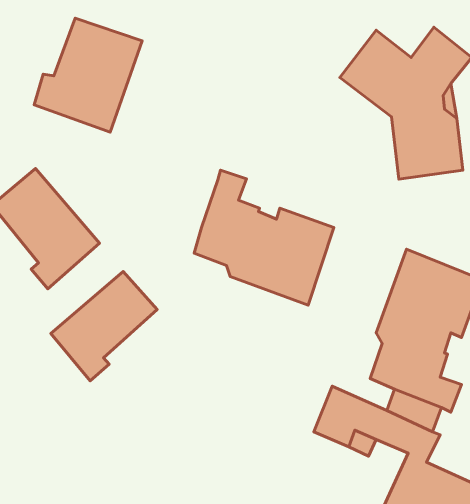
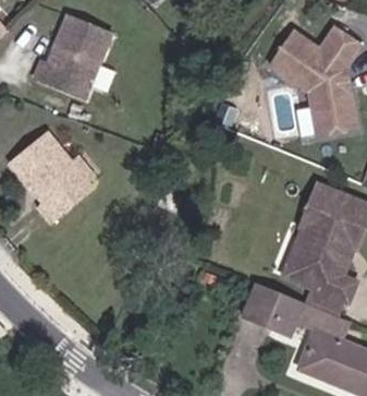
building: [194,170,334,305] -> none
building: [51,271,157,381] -> none

